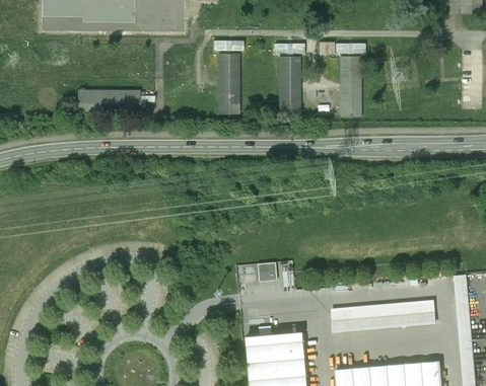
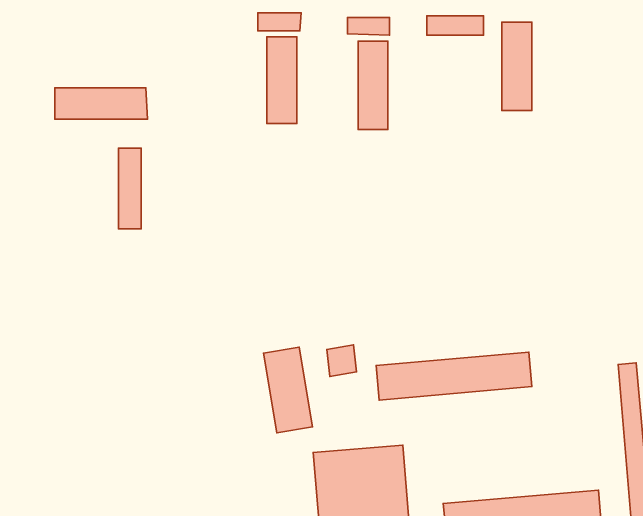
building: [339,56,359,115] -> [502,22,532,111]
building: none -> [119,148,141,229]
building: none -> [263,347,312,433]
building: [331,301,436,333] -> [376,352,532,400]

